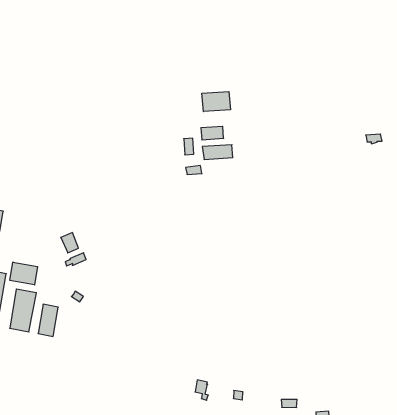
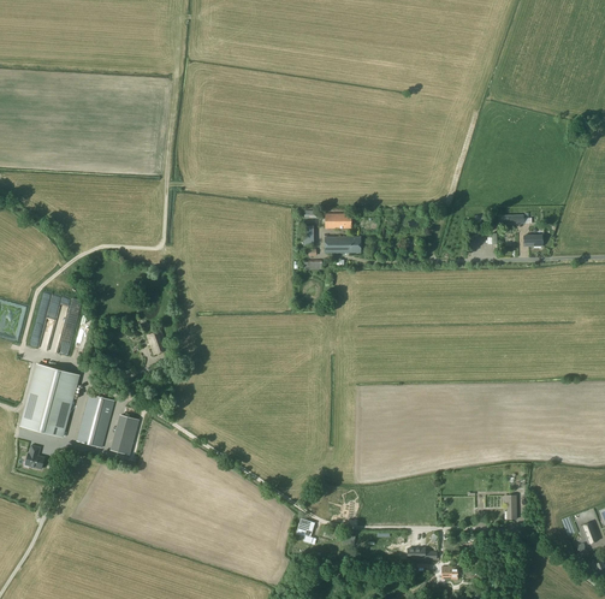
building: [202,92,230,112] -> none
building: [10,262,38,285] -> none

